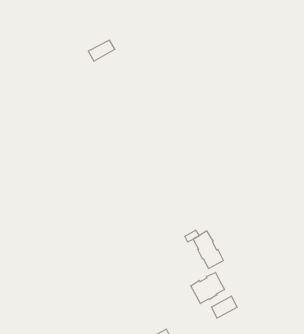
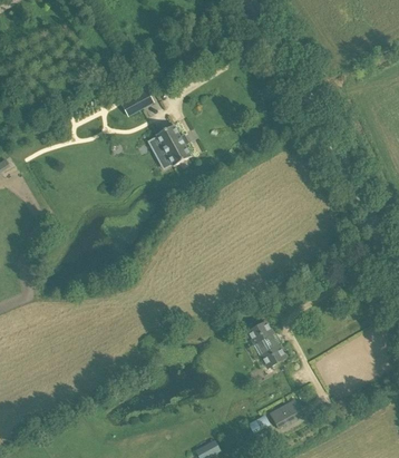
building: none -> [155,124,189,165]
building: [191,272,225,304] -> none

